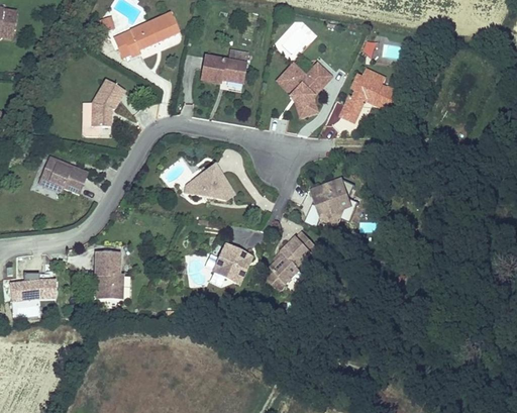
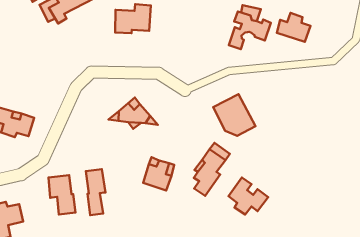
building: [275,61,332,118] -> none
building: [79,75,124,130] -> none
building: none -> [277,13,311,42]
building: none -> [86,169,105,215]
building: none -> [228,177,268,215]

